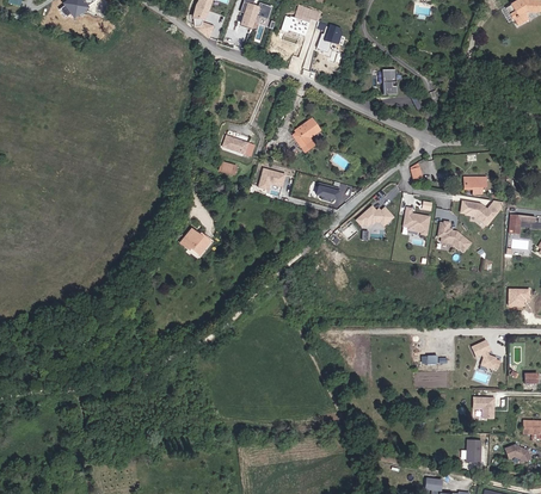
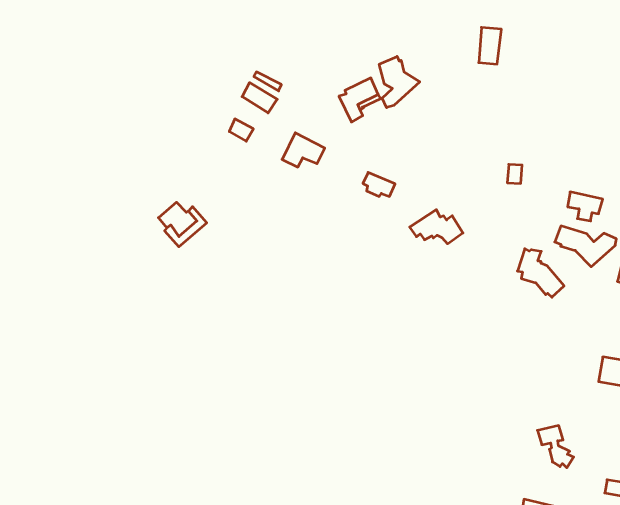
building: none -> [379,56,420,108]
building: [402,205,434,236] -> none

